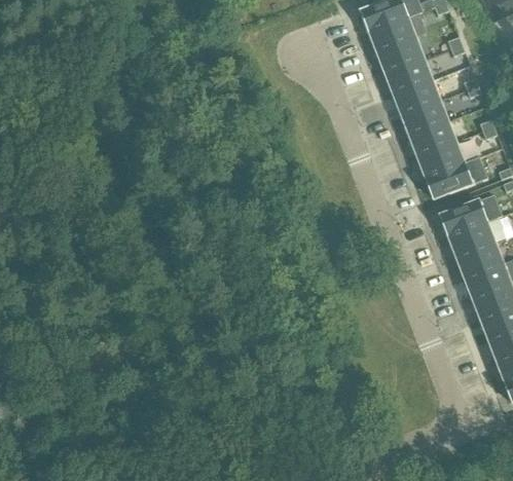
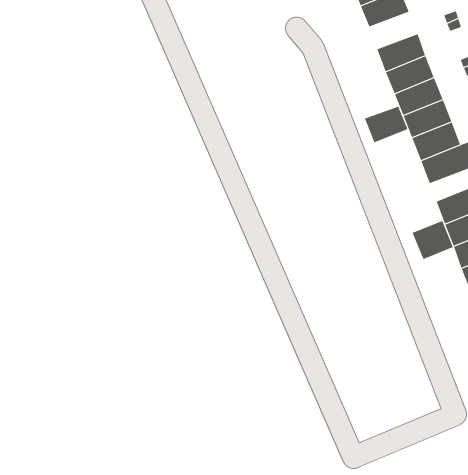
building: [378,38,425,73] -> none
building: none -> [364,106,408,143]
building: none -> [412,220,454,260]

